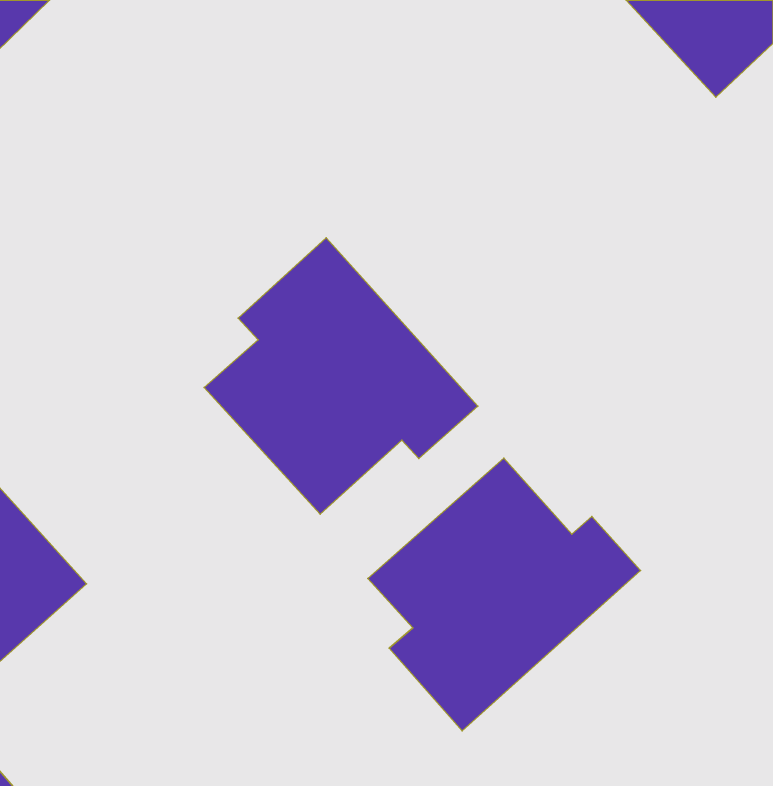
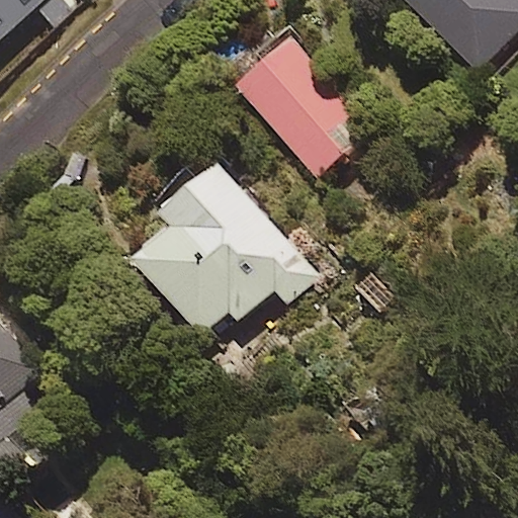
building: none -> [232,34,369,176]
building: [368,458,641,731] -> none

